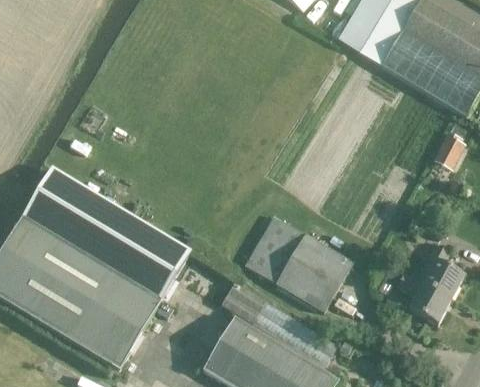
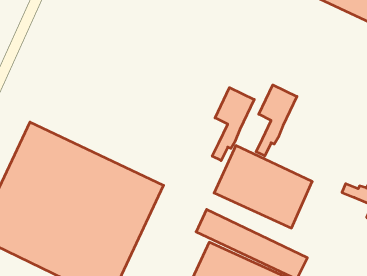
building: none -> [212,88,254,161]
building: none -> [256,85,297,156]

